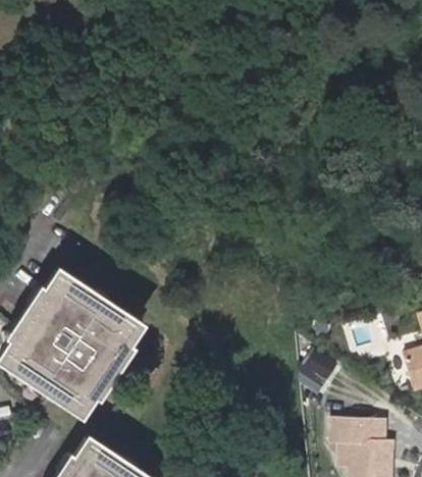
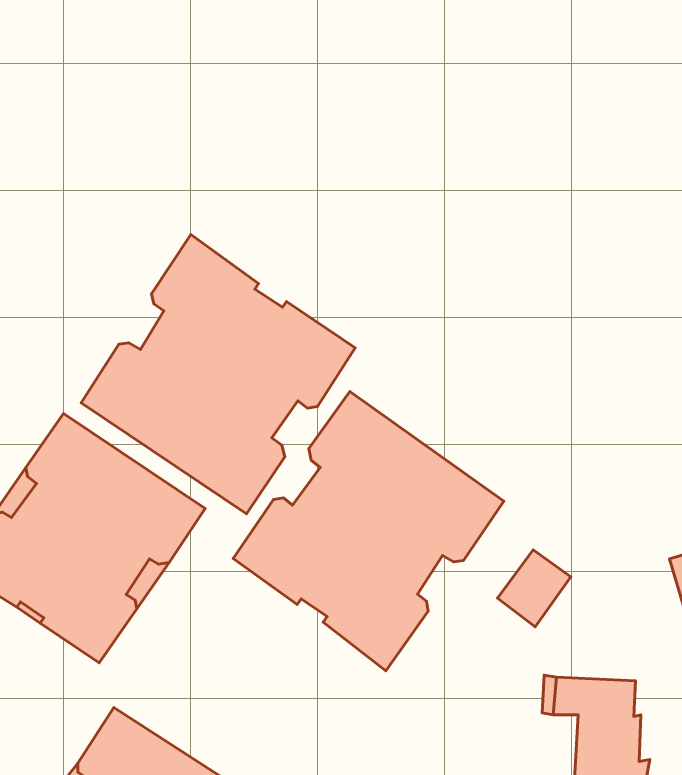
building: none -> [81,235,355,514]
building: none -> [233,391,504,671]

